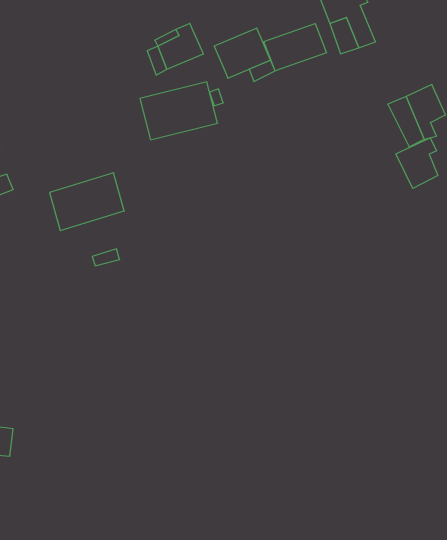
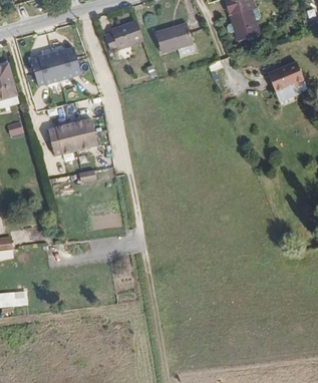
building: [264,24,326,71] -> none
building: [140,82,218,140] -> [28,47,79,85]
building: [396,138,438,188] -> none

